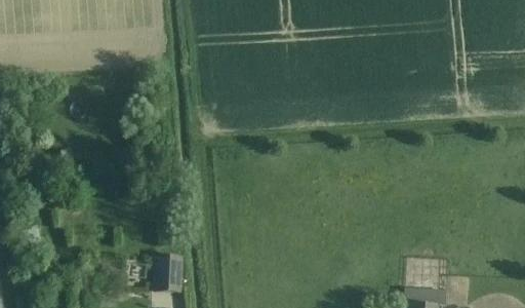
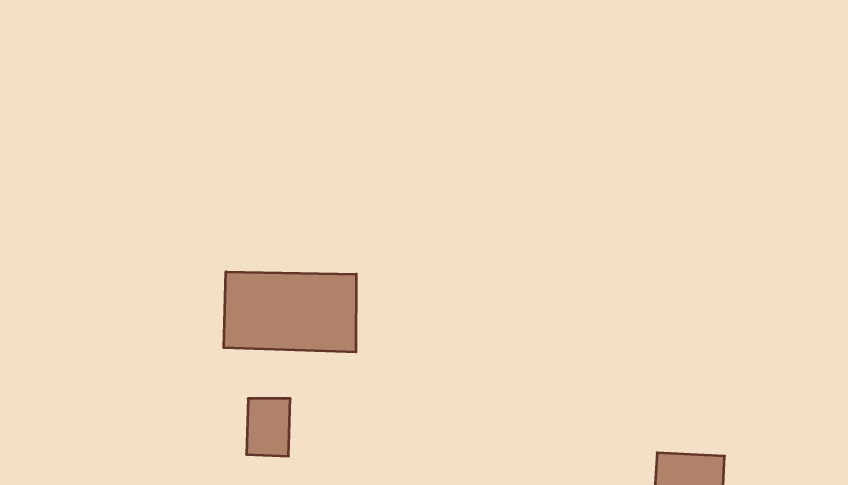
building: none -> [224,272,356,352]

